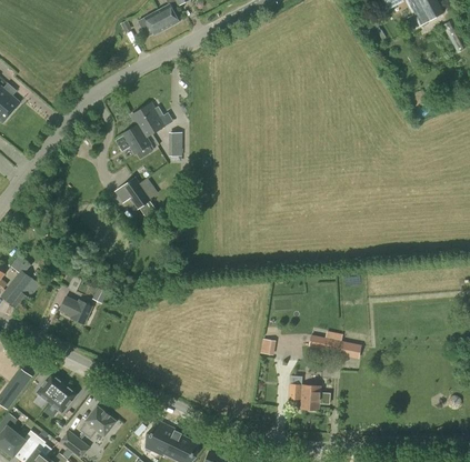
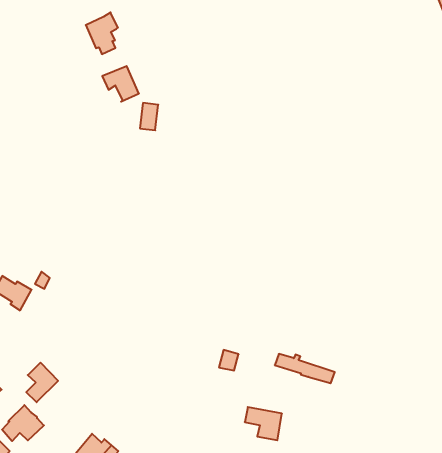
building: [123,121,151,158] -> [86,12,118,54]
building: [114,177,151,210] -> none
building: none -> [26,363,58,402]

